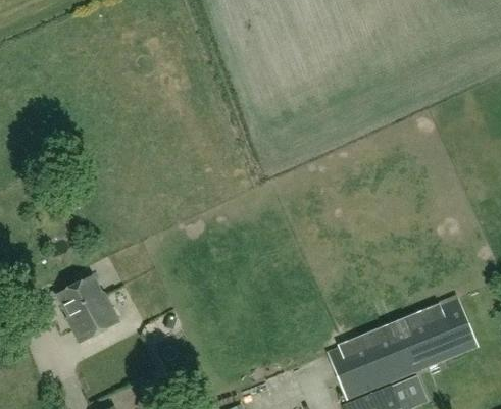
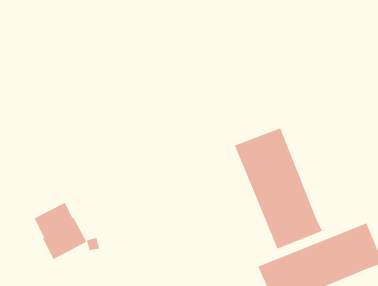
building: none -> [234,128,323,250]

